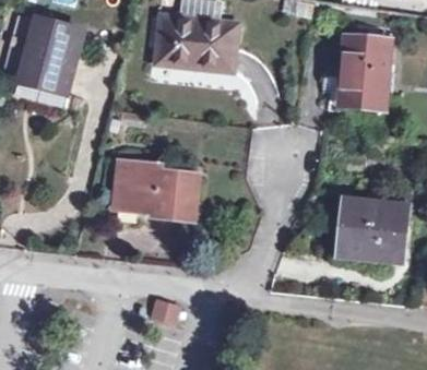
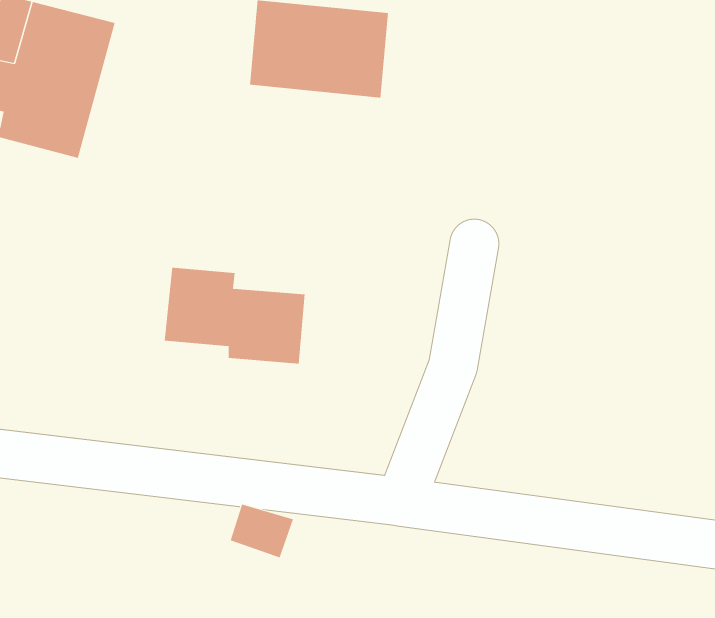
building: [342,32,393,107] -> none
building: [337,201,407,261] -> none

